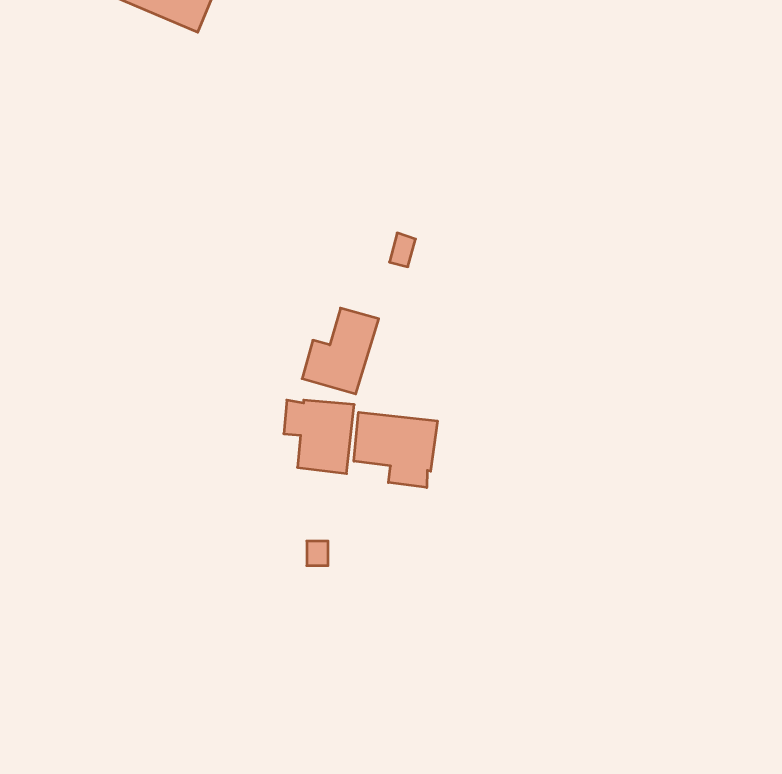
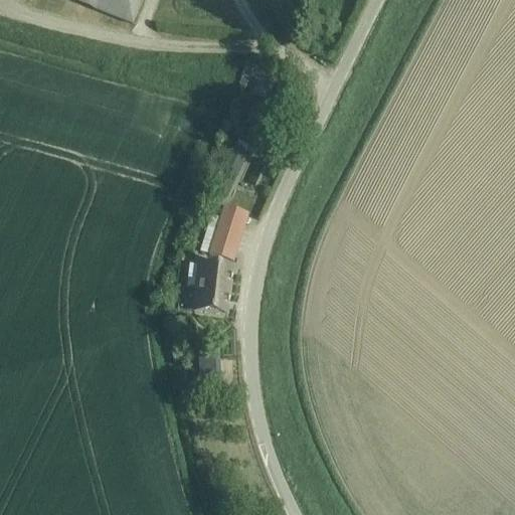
building: [354,412,437,488] -> none

